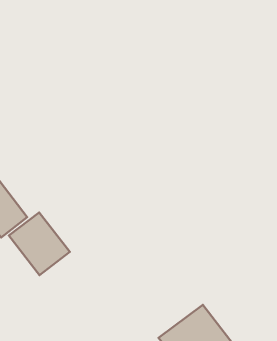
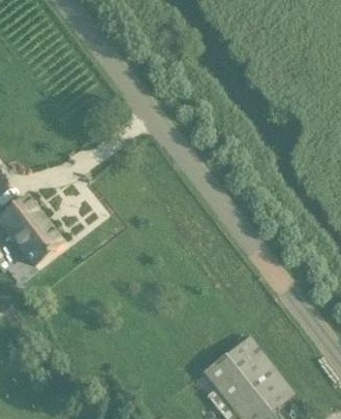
building: [9,212,70,275] -> none

